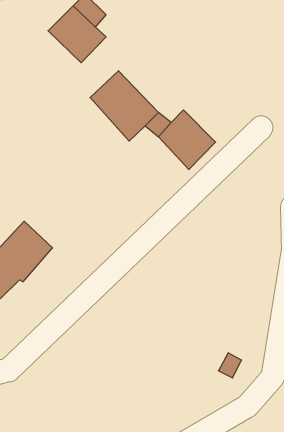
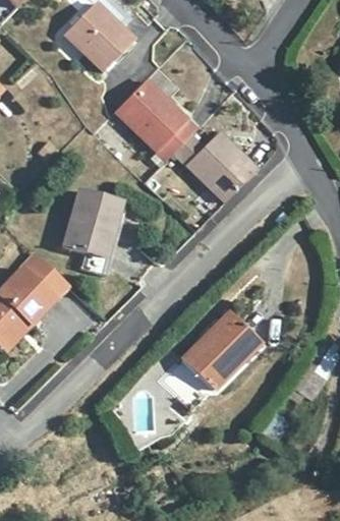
building: none -> [60,184,120,274]
building: none -> [172,307,254,389]

